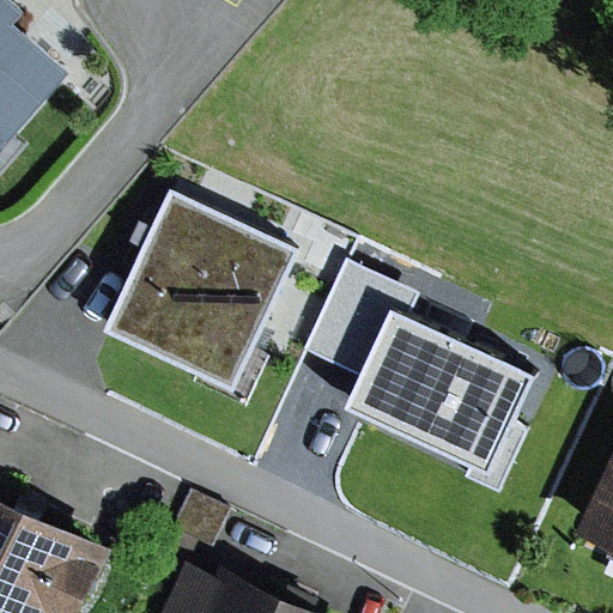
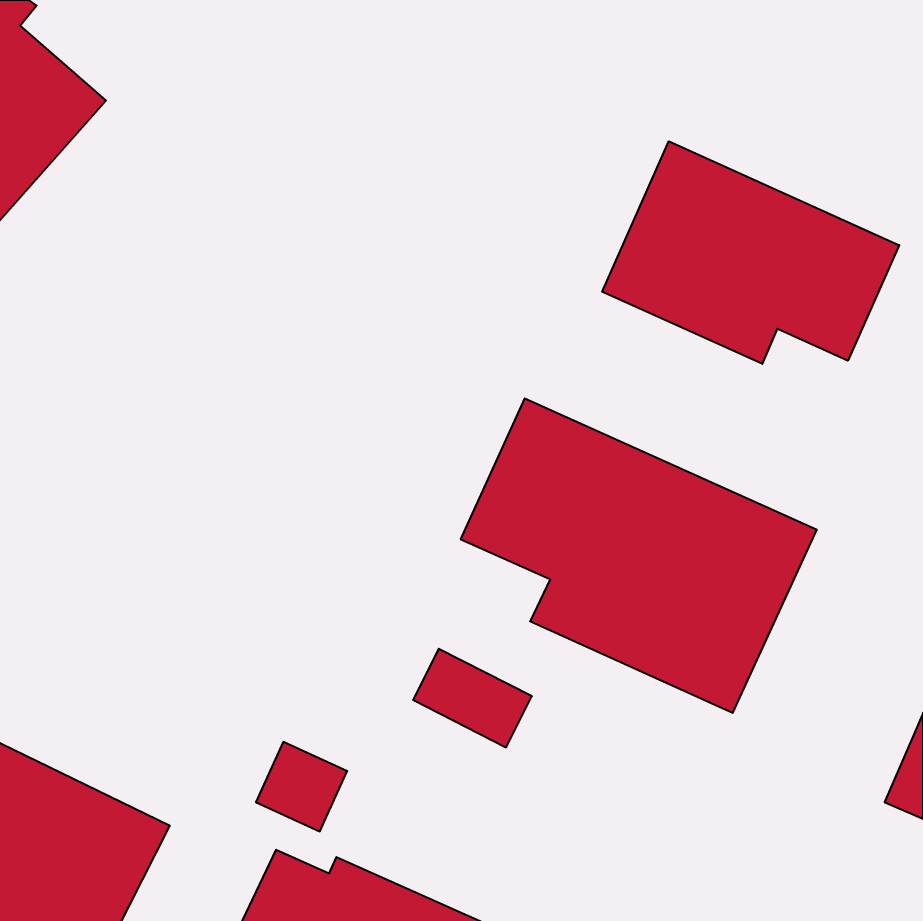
building: none -> [602,141,899,364]
building: [103,192,302,394] -> none

